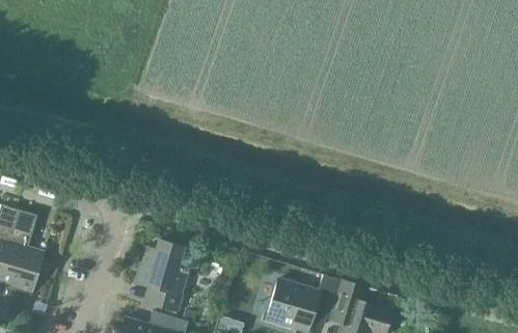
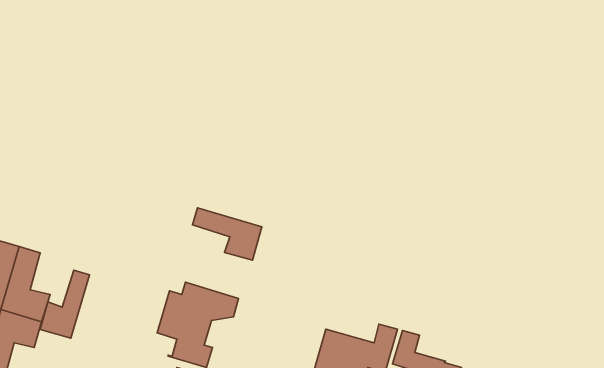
building: none -> [193,208,262,260]
building: none -> [40,270,89,338]

